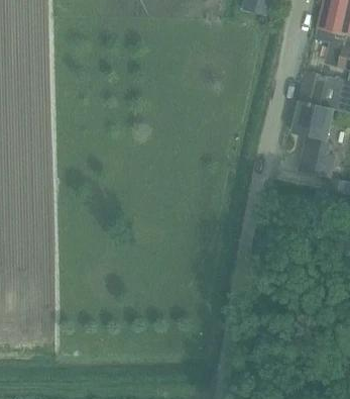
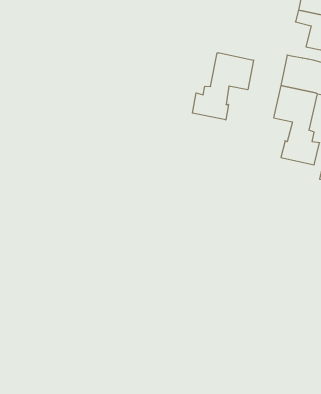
building: none -> [192,53,254,120]

